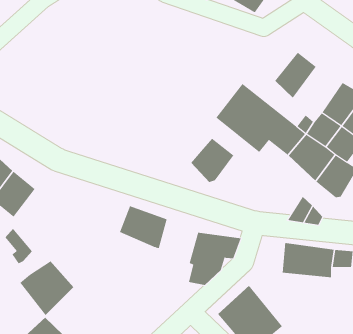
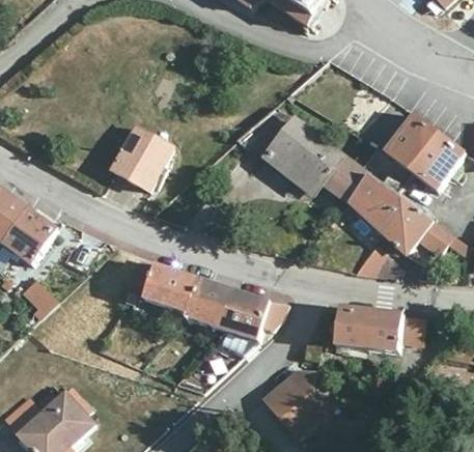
building: [274,52,316,98] -> none
building: none -> [106,133,167,197]
building: [191,138,234,183] -> none
building: none -> [195,277,242,330]
building: [20,260,74,316] -> none

